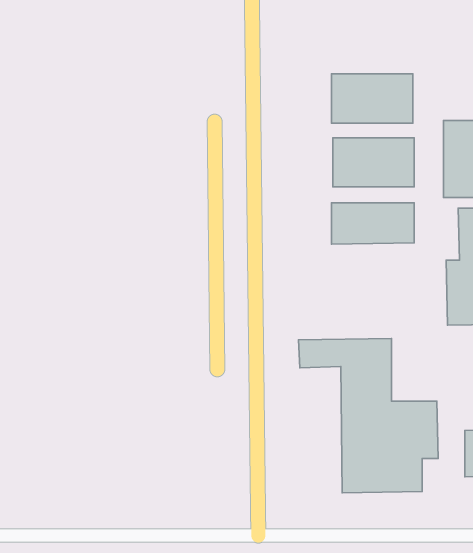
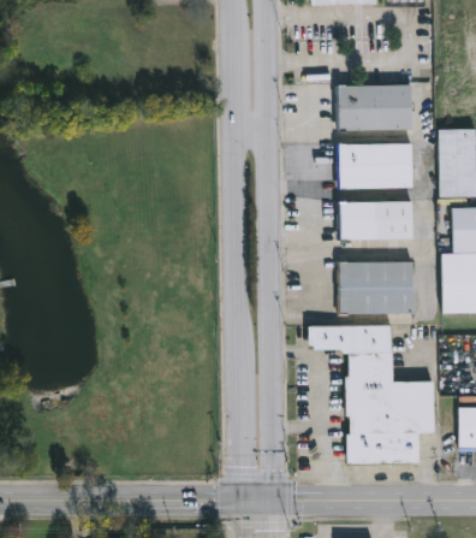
building: none -> [338,262,412,313]

